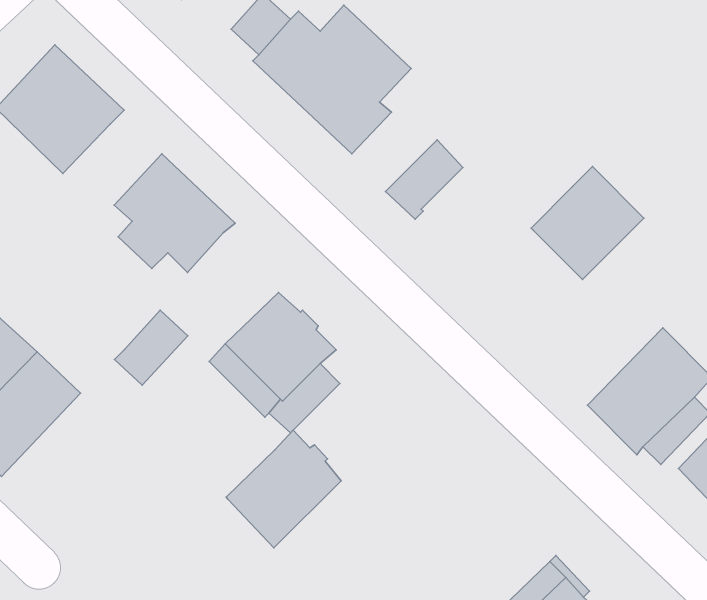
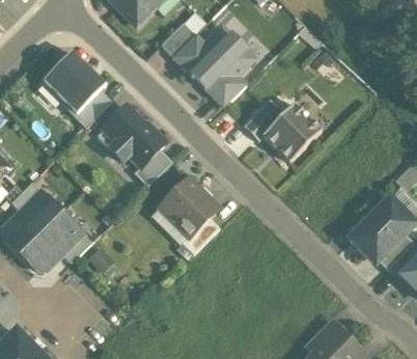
building: none -> [75,90,112,128]
building: [531,167,644,280] -> [262,103,322,162]
building: [115,310,188,385] -> [135,147,173,187]
building: [226,430,341,548] -> none

